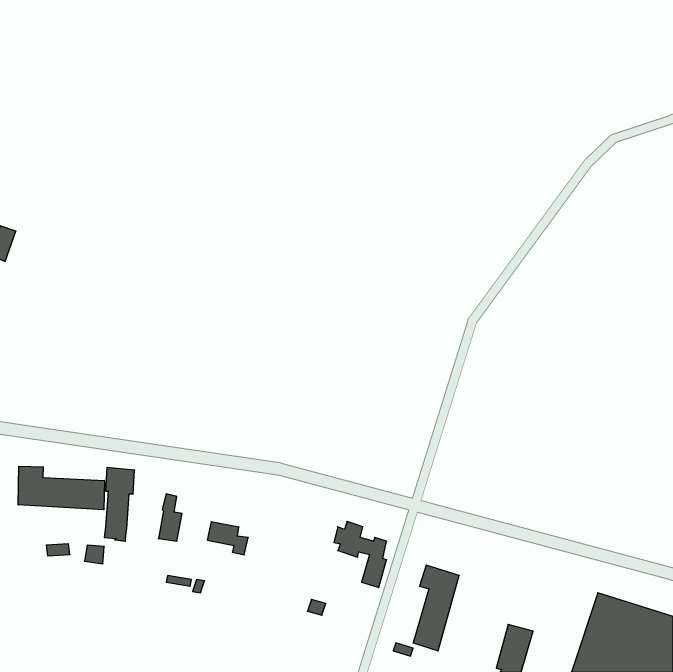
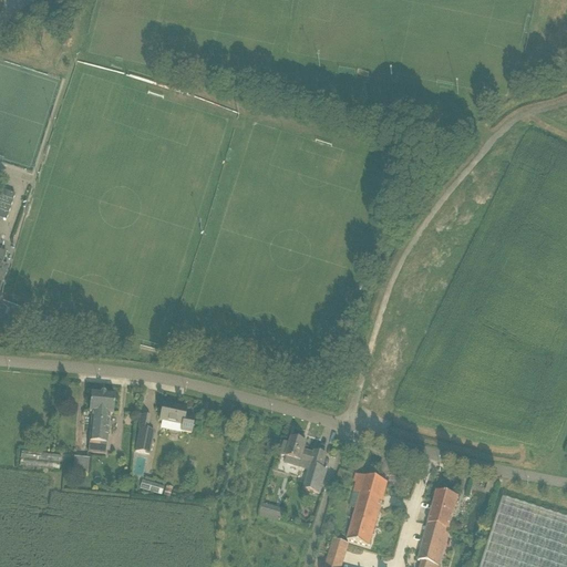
building: [18,466,104,510] -> none
building: [207,522,248,555] -> [158,404,193,432]
building: none -> [426,491,457,529]

